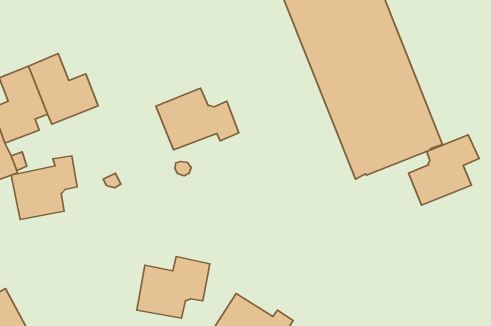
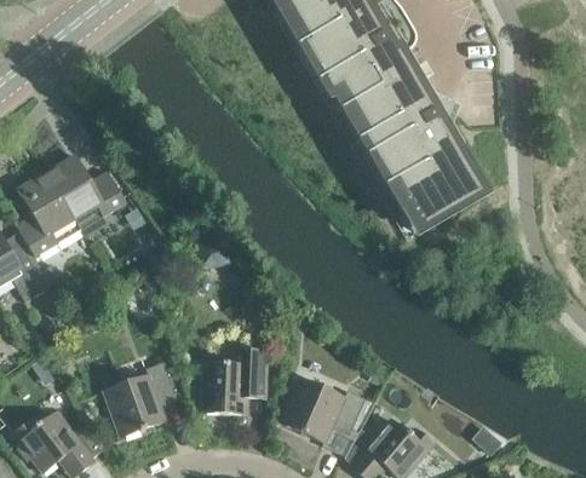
building: [156,88,239,150] -> none
building: [409,135,479,205] -> none
building: [11,156,77,219] -> [103,361,174,436]

